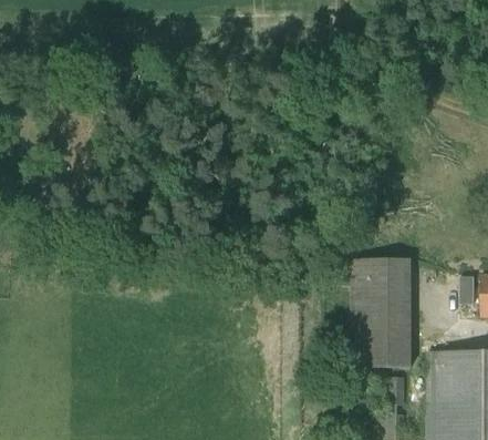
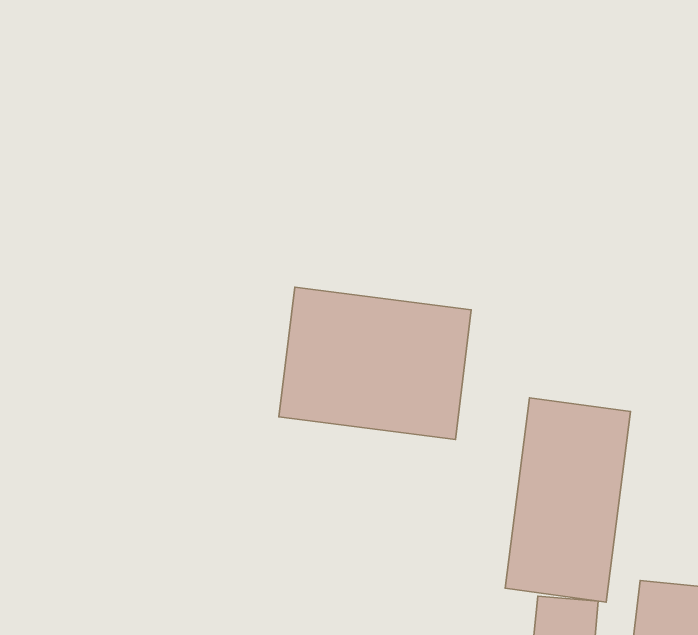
building: none -> [279,287,471,440]

